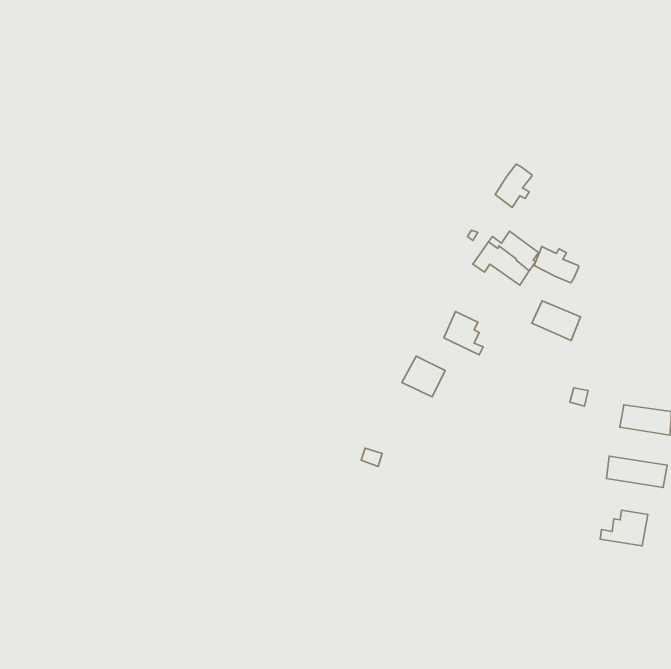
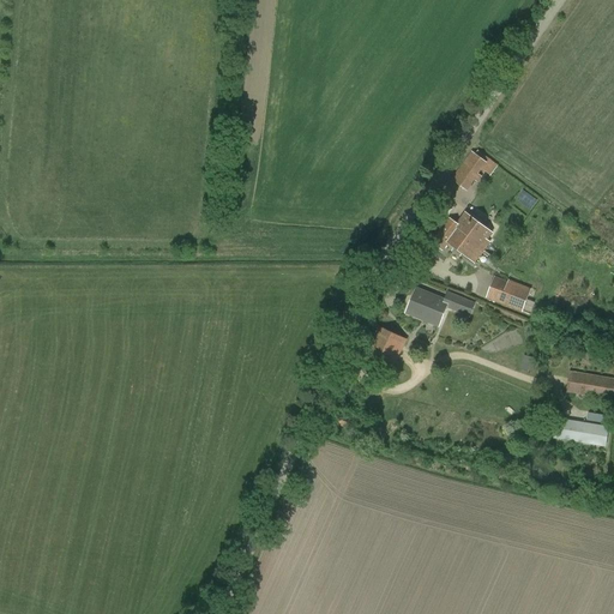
building: [534,247,579,283] -> none
building: none -> [433,290,475,317]
building: [600,510,648,546] -> none

